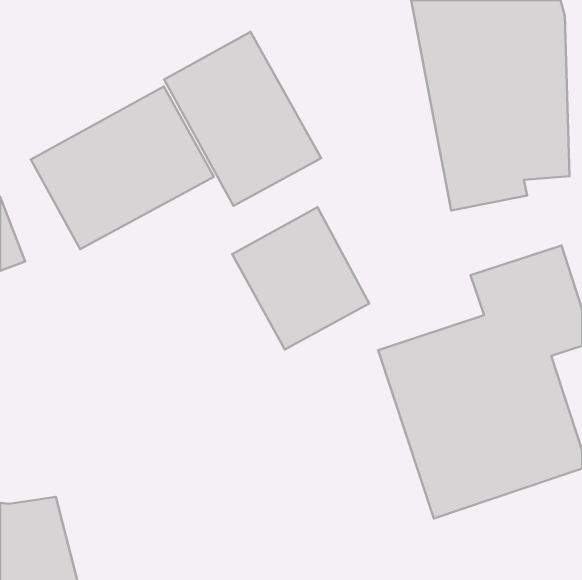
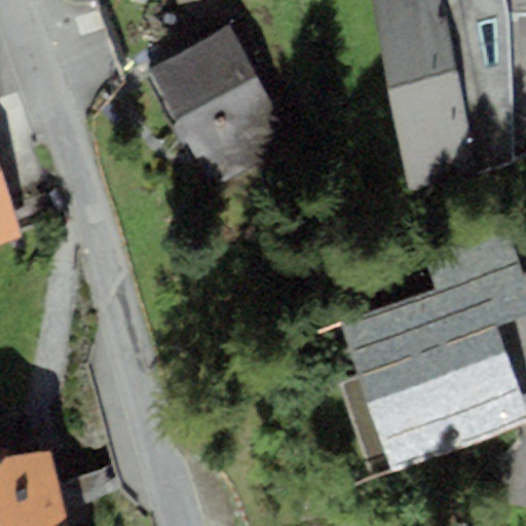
building: [31,86,214,249] -> none
building: [232,207,369,350] -> none

